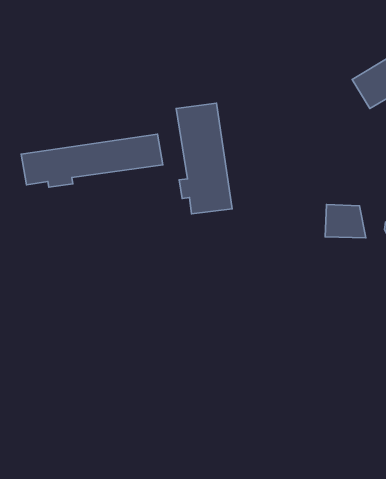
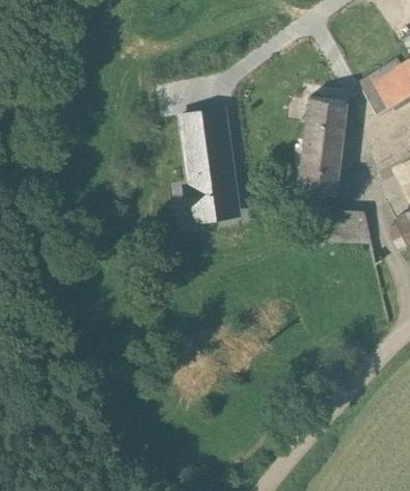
building: none -> [299,101,346,194]
building: [21,134,163,187] -> none

